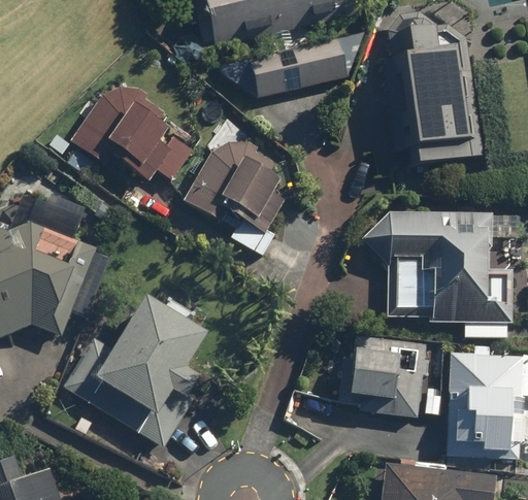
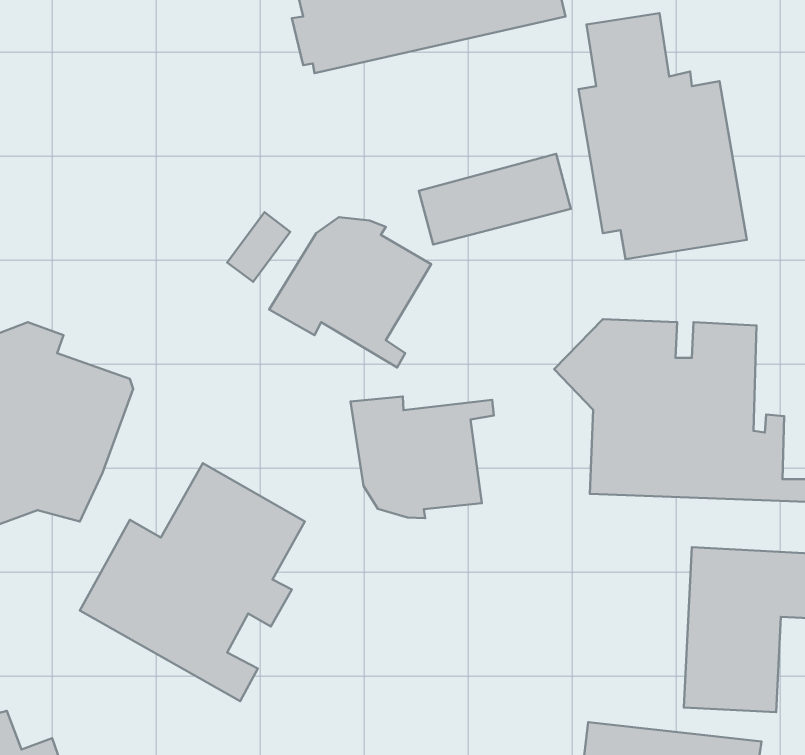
building: [252,39,349,97] -> [419,154,571,244]
building: [70,86,167,172] -> none
building: none -> [351,396,494,518]
building: [335,334,430,421] -> none

